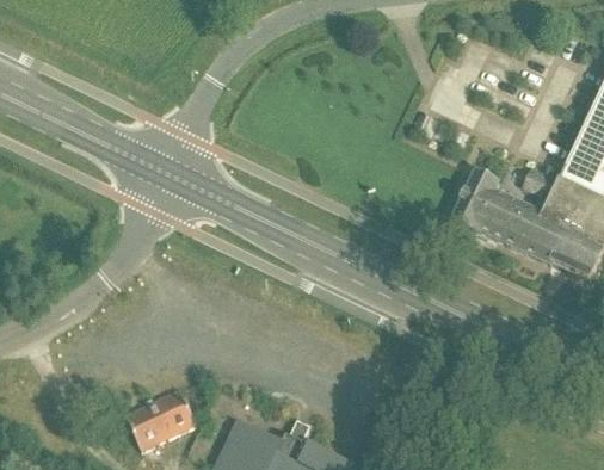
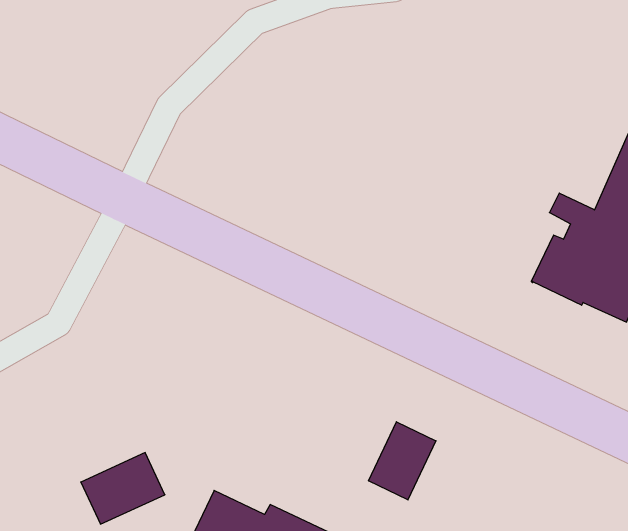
building: [451,172,526,243] -> none
building: none -> [369,422,436,500]

